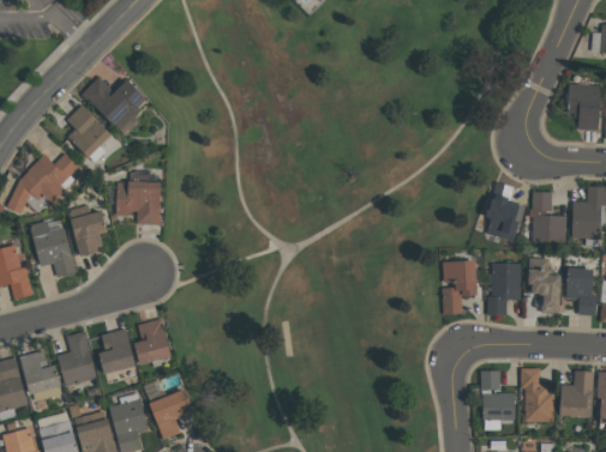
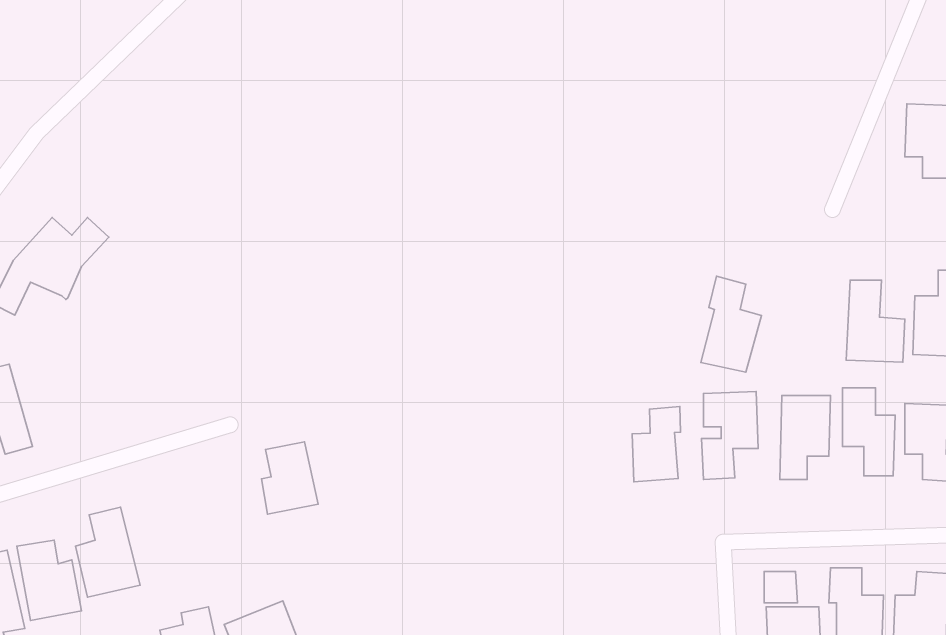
building: [82,76,148,129] -> none
building: [66,104,112,157] -> none
building: [116,181,161,224] -> none
building: [486,181,523,240] -> [701,276,762,372]
building: [71,211,107,254] -> none
building: [29,218,76,277] -> none
building: none -> [632,406,681,482]
building: [136,319,170,363] -> [262,442,318,514]
building: [100,329,134,373] -> none

